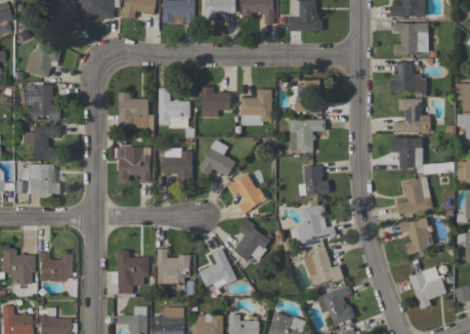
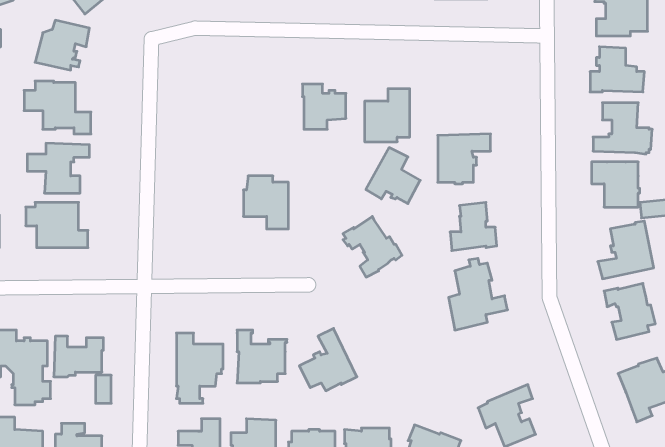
building: [289,79,322,112] -> none
building: [159,88,189,127] -> none
building: [118,92,148,127] -> none
building: [200,139,236,176] -> [366,148,420,204]
building: [119,147,151,182] -> none
building: [233,218,270,260] -> none
building: [303,248,343,285] -> none

